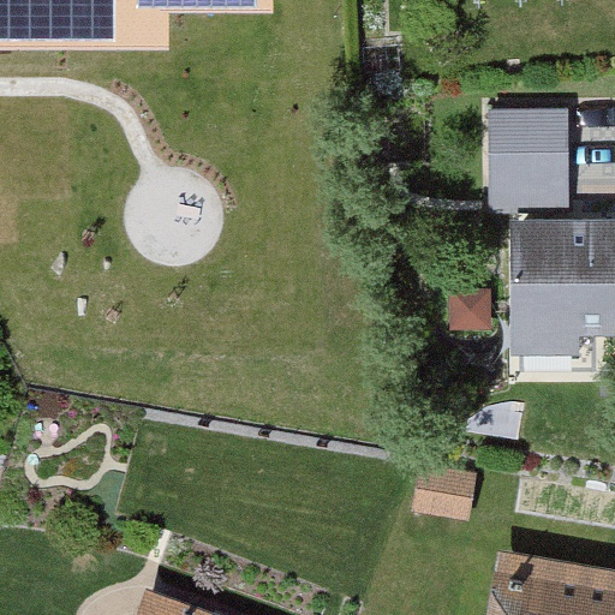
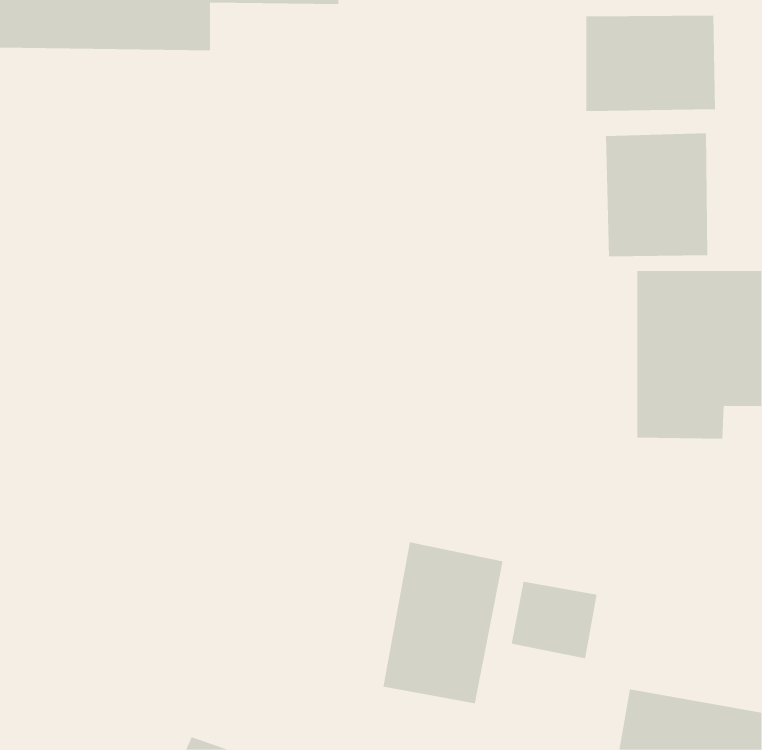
building: none -> [586,15,715,112]
building: none -> [383,542,503,704]

